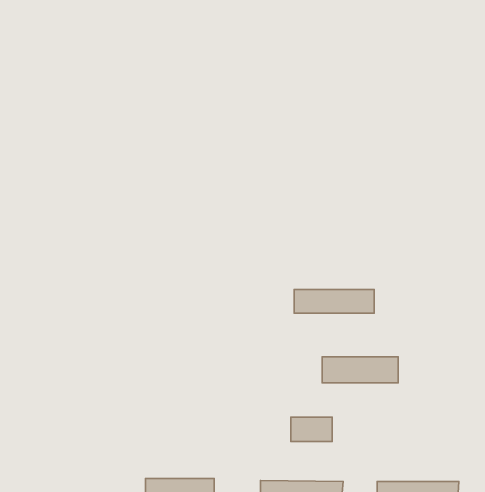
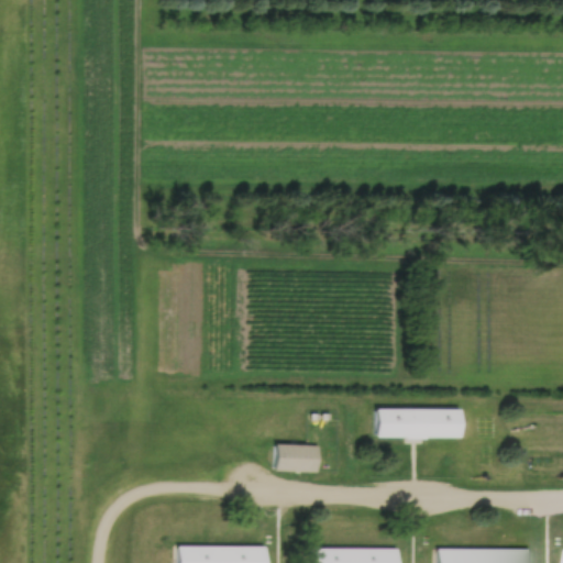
building: [294,289,374,313] -> none
building: [291,417,332,441] -> [274,443,321,471]

